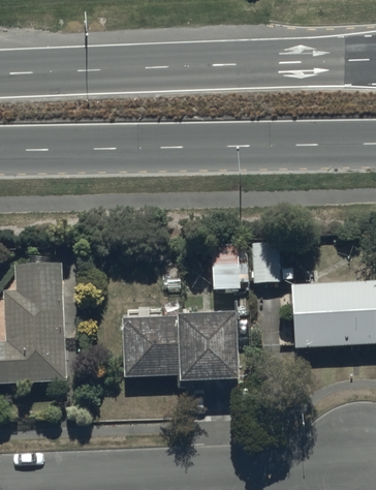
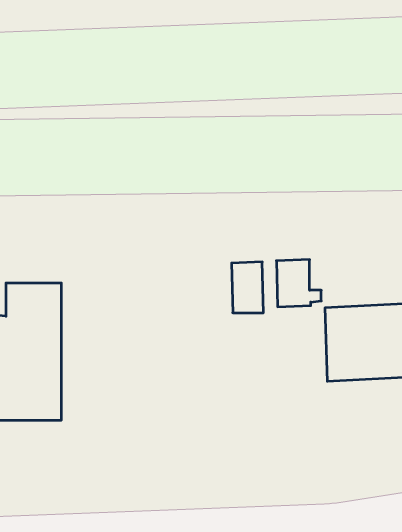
building: [124,309,238,386] -> none

